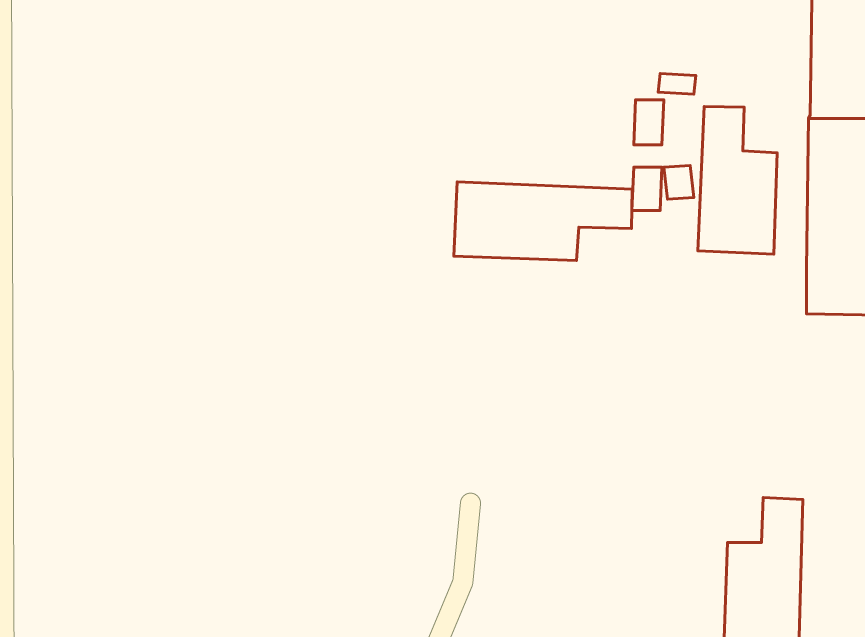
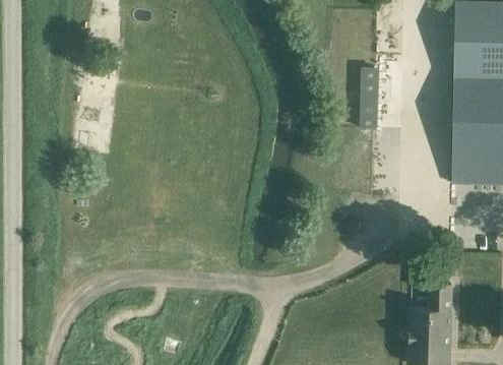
building: [698,106,777,254] -> none
building: [454,182,632,261] -> none

